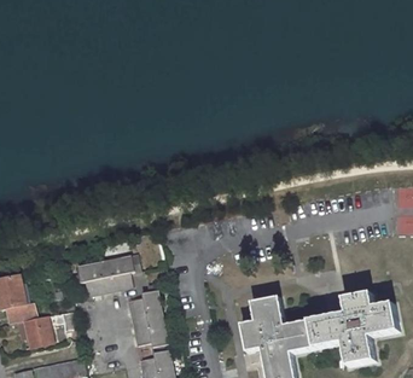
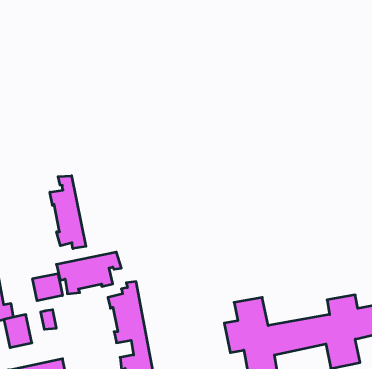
building: none -> [50,176,86,249]
building: none -> [33,273,62,301]

